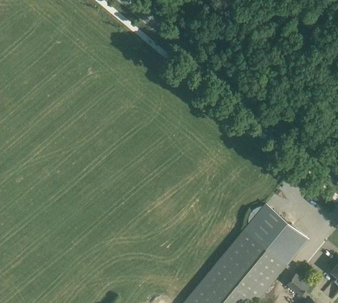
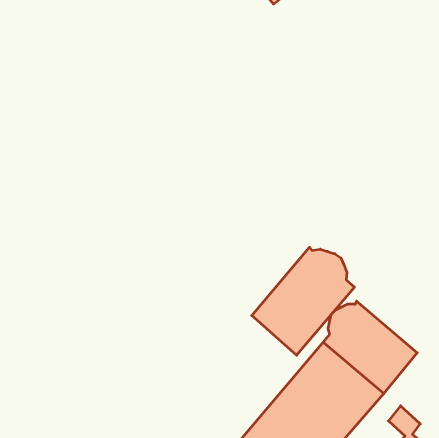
building: none -> [252,247,354,355]

